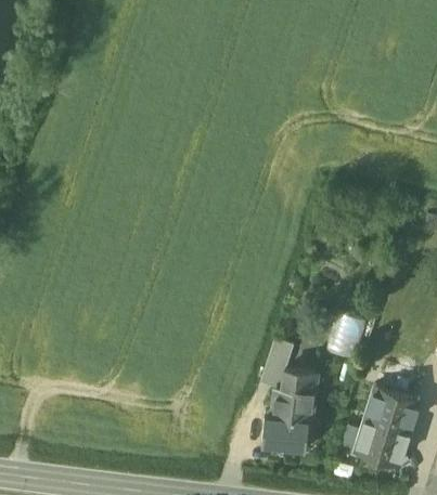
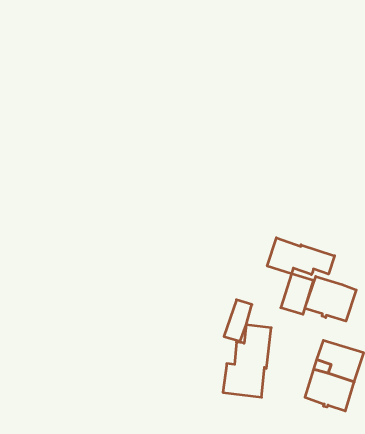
building: none -> [267,238,335,275]
building: none -> [305,276,356,321]

